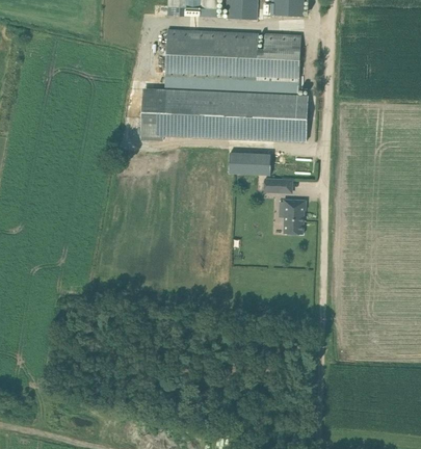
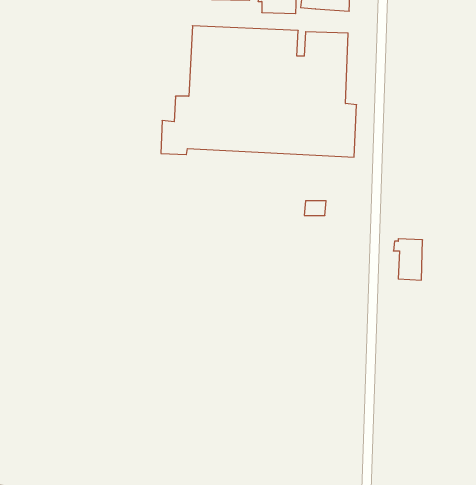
building: [229,152,271,174] -> none
building: [280,199,305,234] -> [393,239,423,280]

